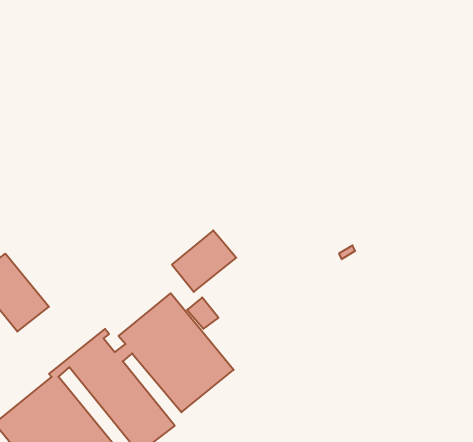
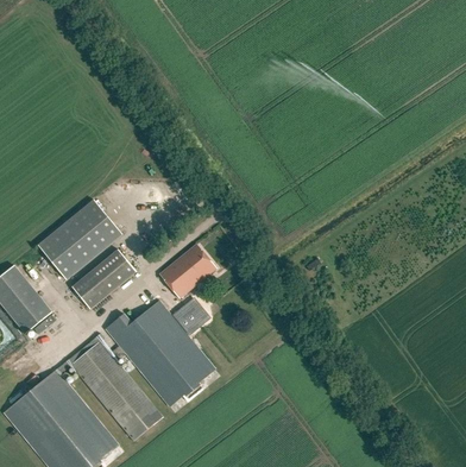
building: none -> [37,200,121,279]
building: none -> [71,248,136,309]

